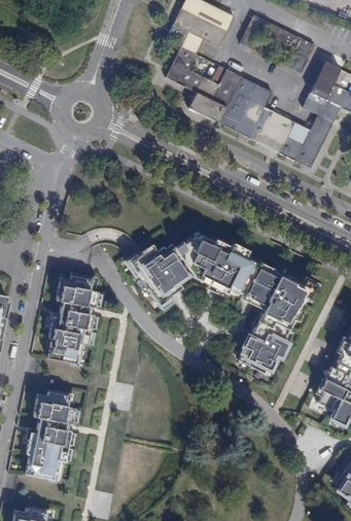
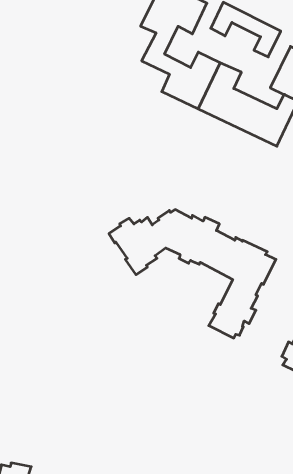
building: [47,274,98,362] -> none
building: [26,390,76,479] -> none

